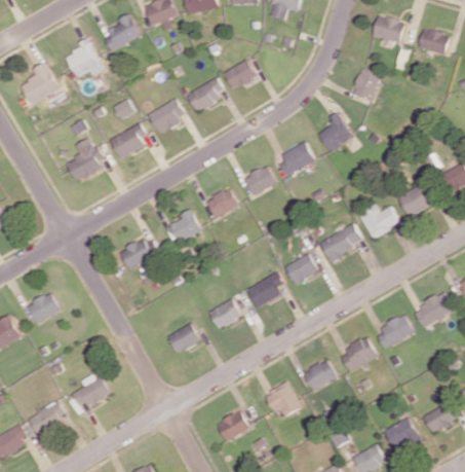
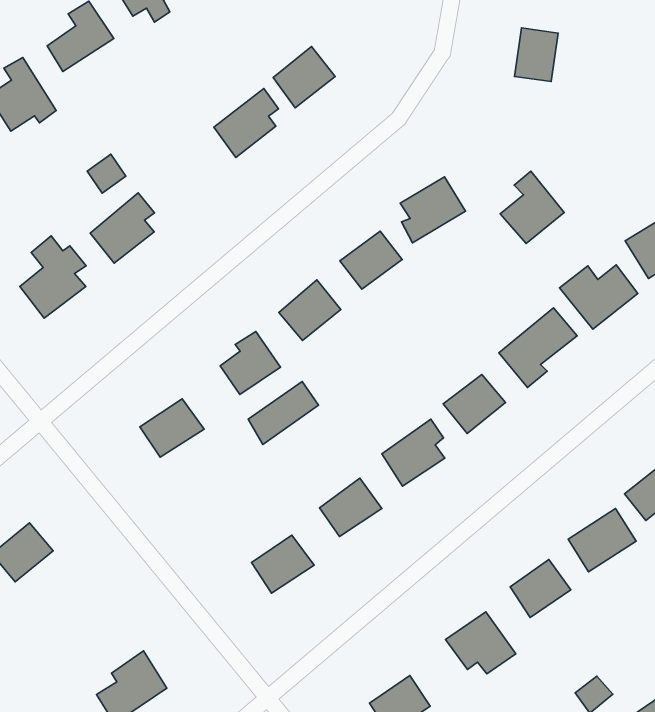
building: [147,99,186,132] -> none
building: [318,112,353,151] -> [500,171,564,244]
building: none -> [248,381,318,445]

